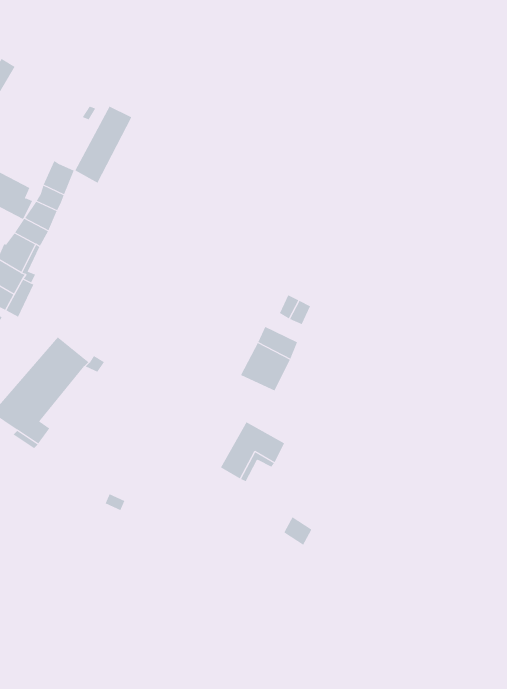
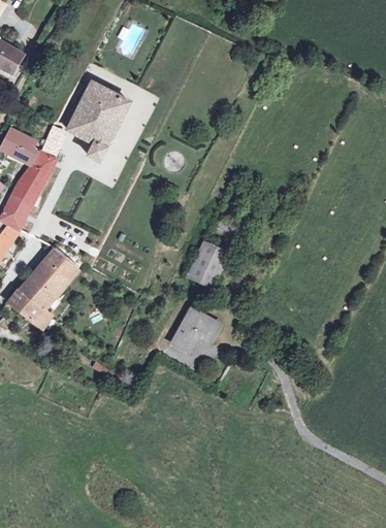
building: none -> [84,91,129,161]

